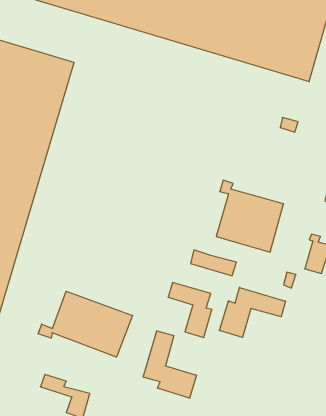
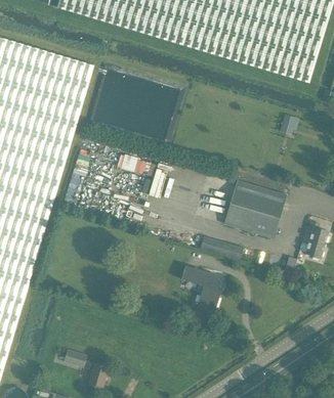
building: [219,287,286,337] -> none
building: [38,291,132,357] -> none
building: [143,331,196,398] -> none

